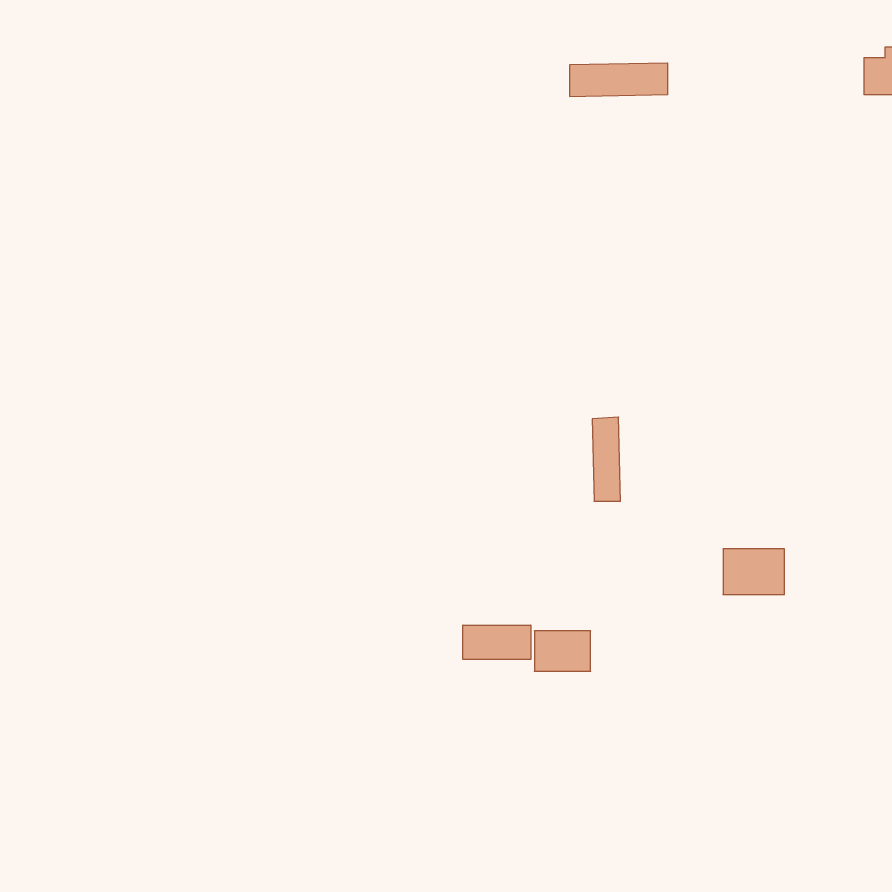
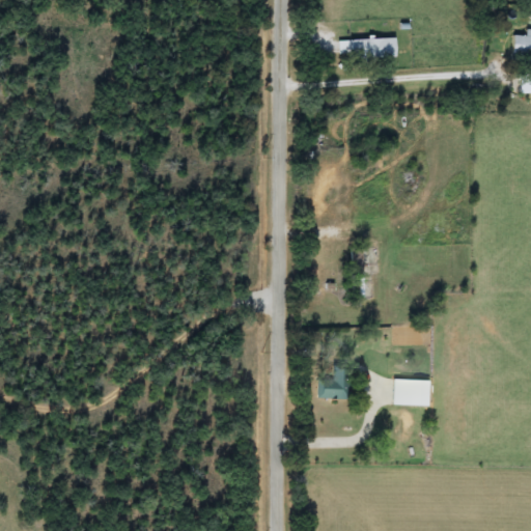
building: [723,549,784,595] -> [394,379,430,406]
building: [463,625,531,659] -> none

